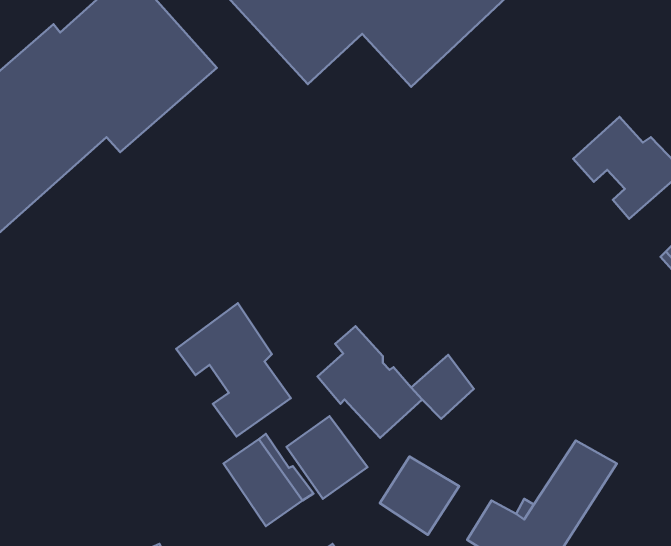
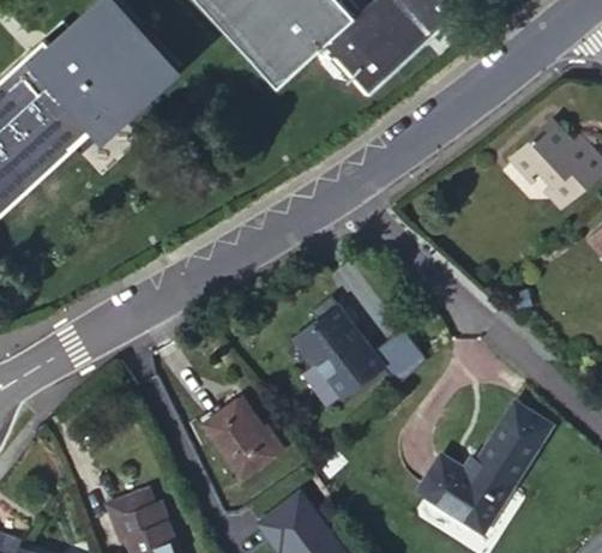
building: [176,303,291,436] -> none
building: [287,416,368,499] -> none
building: [380,457,459,535] -> none

